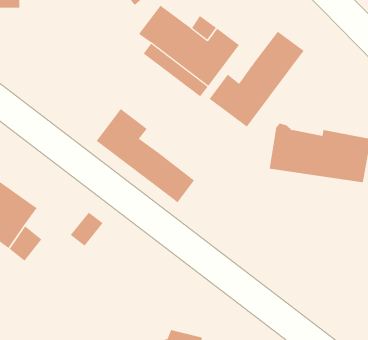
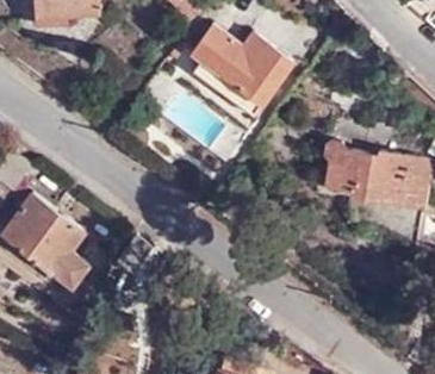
building: [209,31,305,128] -> none
building: [96,108,195,203] -> none

